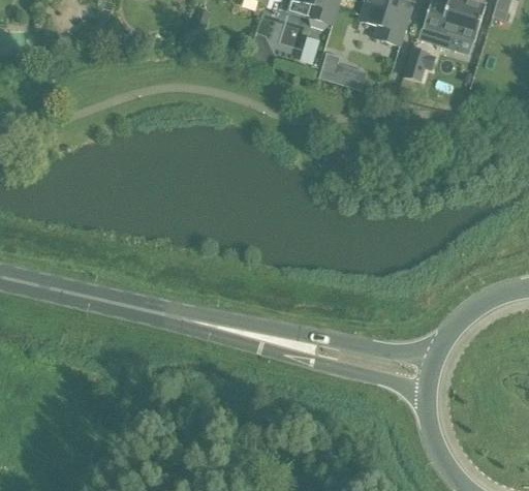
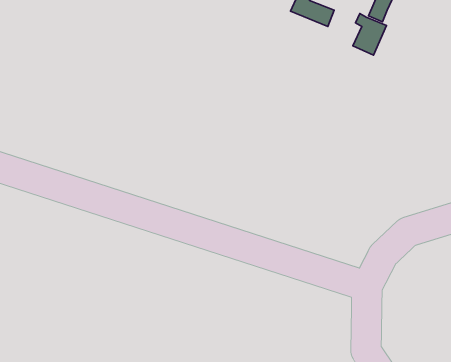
building: none -> [353,14,386,55]

